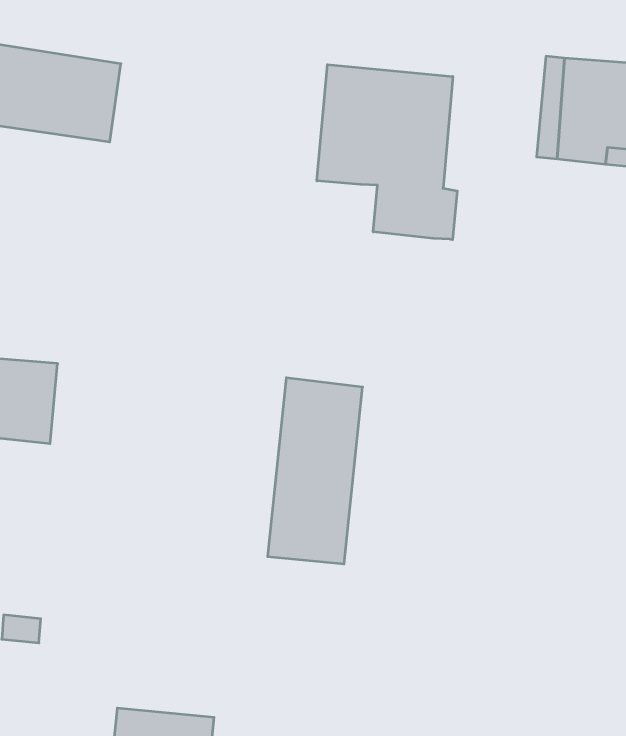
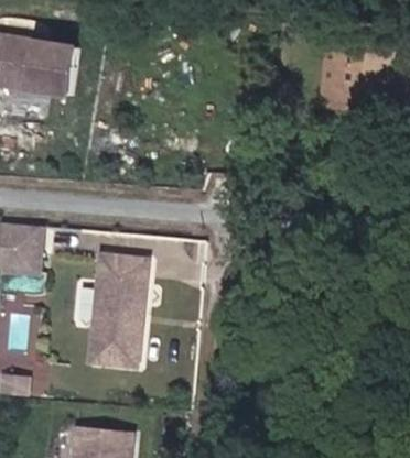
building: [317,65,457,240] -> none
building: [268,378,363,564] -> [91,255,148,366]

